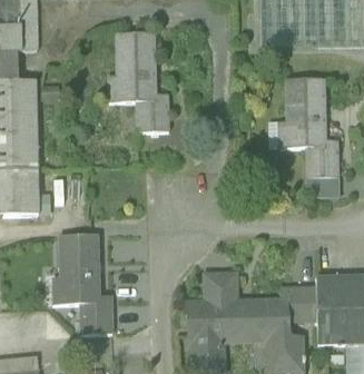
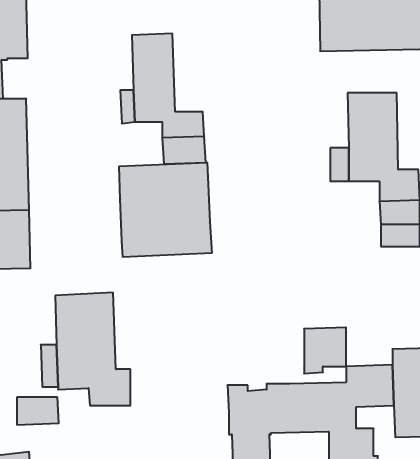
building: none -> [119,162,212,257]
building: [204,272,236,307] -> [304,327,346,374]
building: [82,318,115,339] -> [17,397,59,425]

